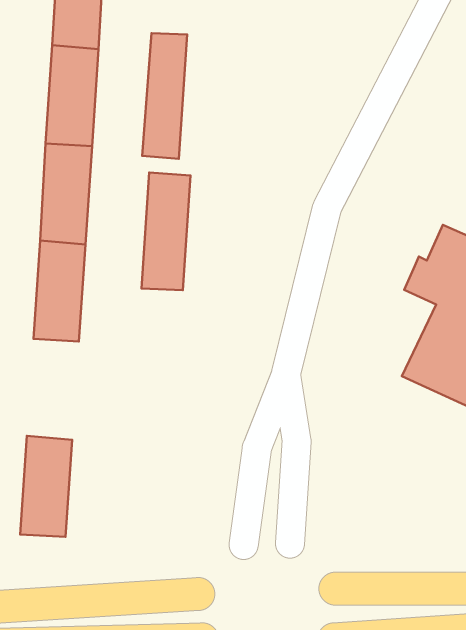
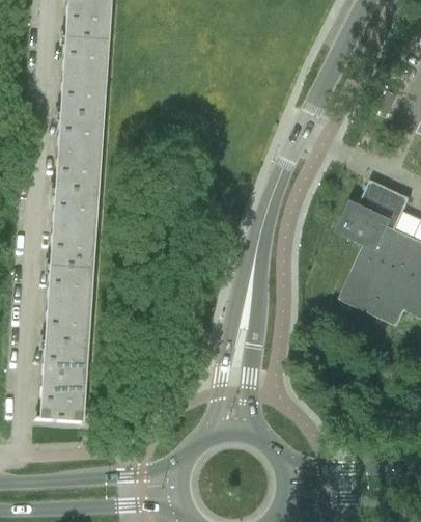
building: [142,33,187,159] -> none
building: [141,172,190,290] -> none
building: none -> [48,269,88,348]

